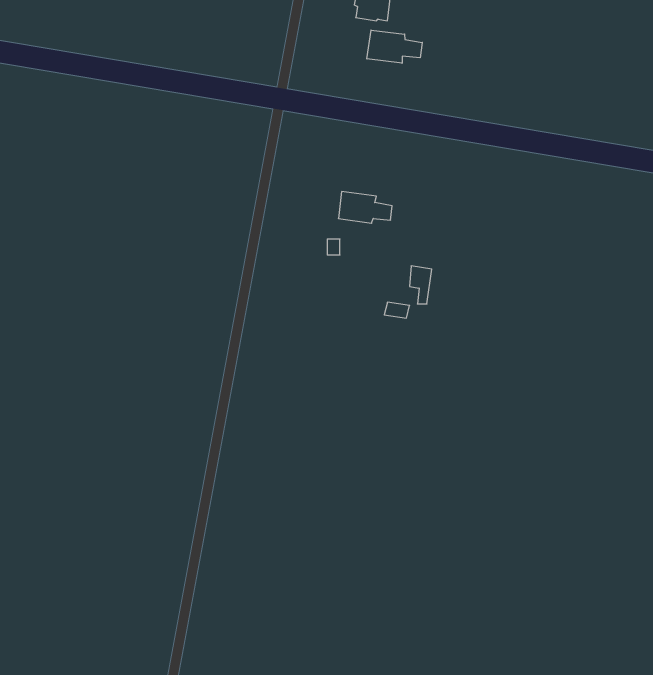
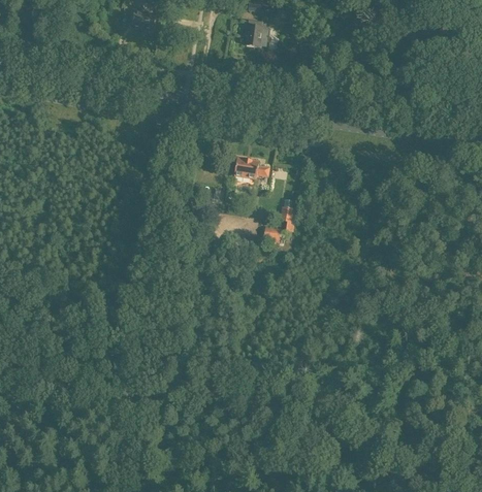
building: [367,30,422,63] -> none

